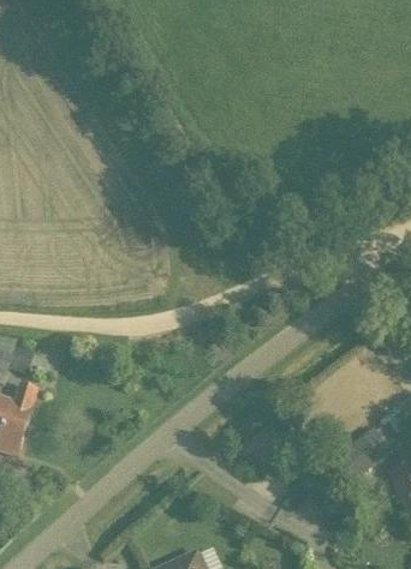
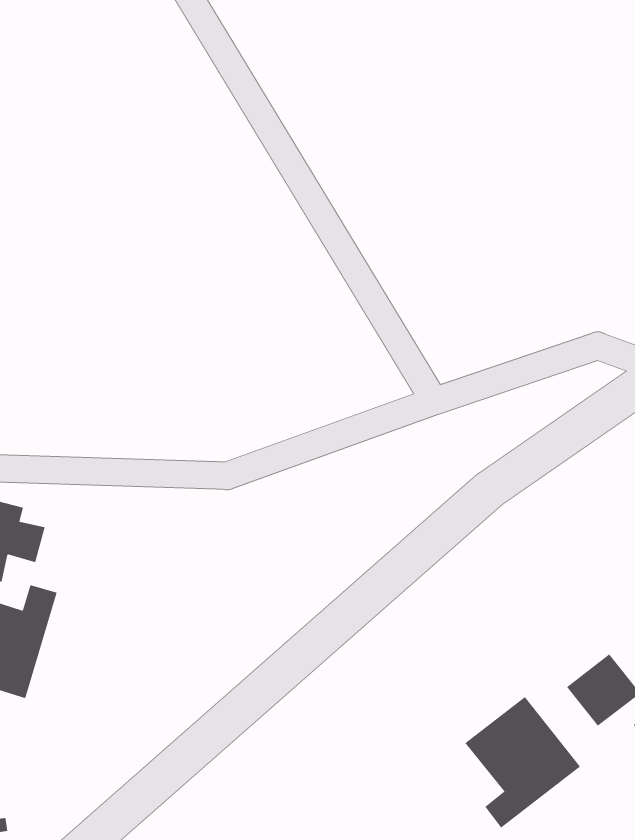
building: none -> [464,696,581,829]

